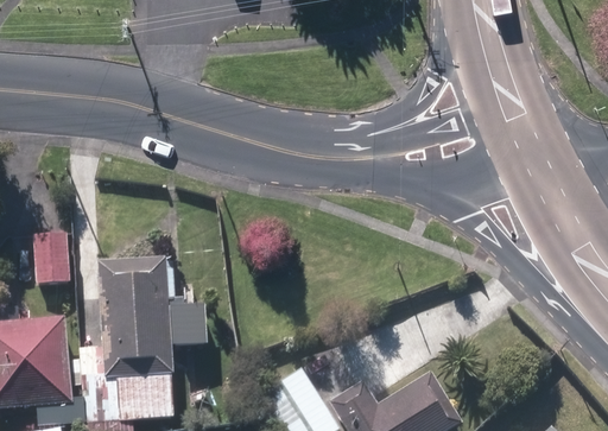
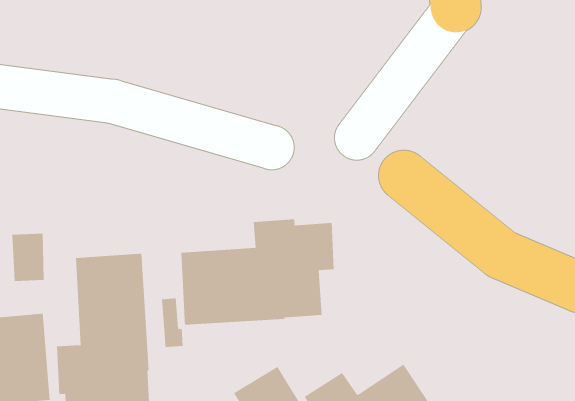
building: none -> [181,218,334,325]

